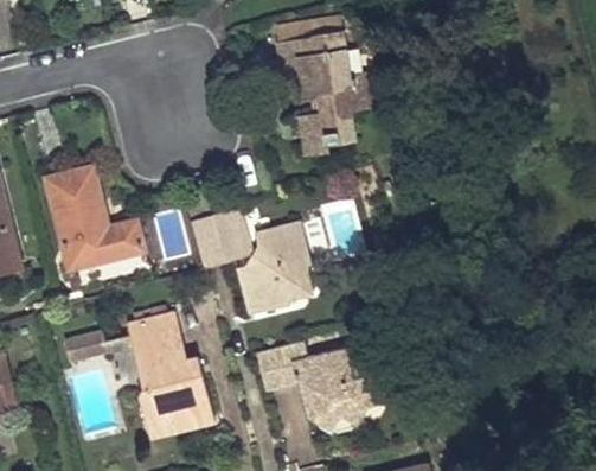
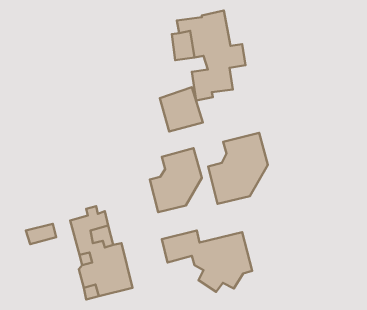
building: [45,166,142,267] -> none
building: none -> [208,133,268,204]
building: [190,206,250,269] -> [160,87,203,132]

